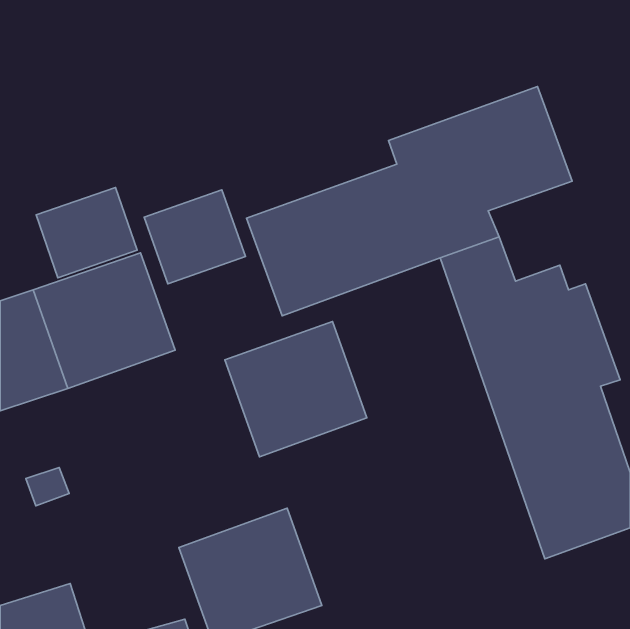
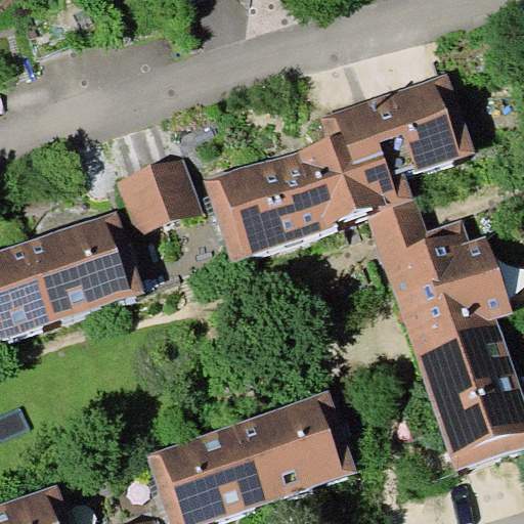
building: [36,187,137,278] -> none
building: [225,322,367,457] -> none
building: none -> [238,390,358,504]

